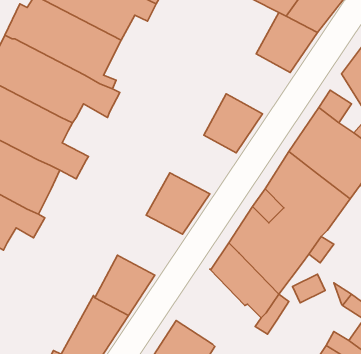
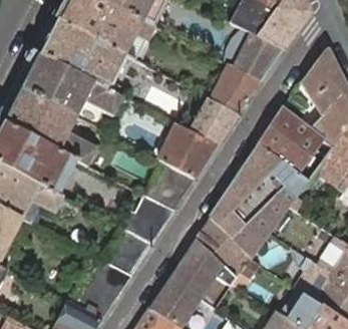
building: none -> [213,64,260,113]
building: none -> [158,123,217,178]
building: none -> [123,195,173,243]
building: none -> [168,238,224,298]

